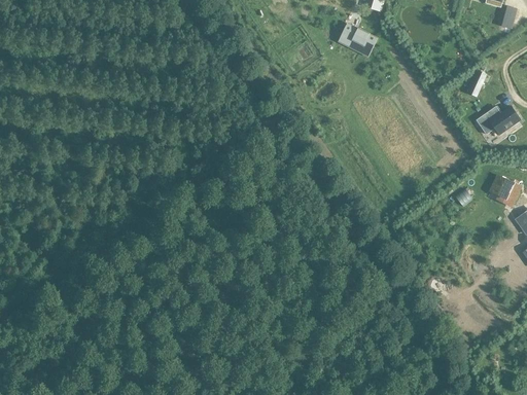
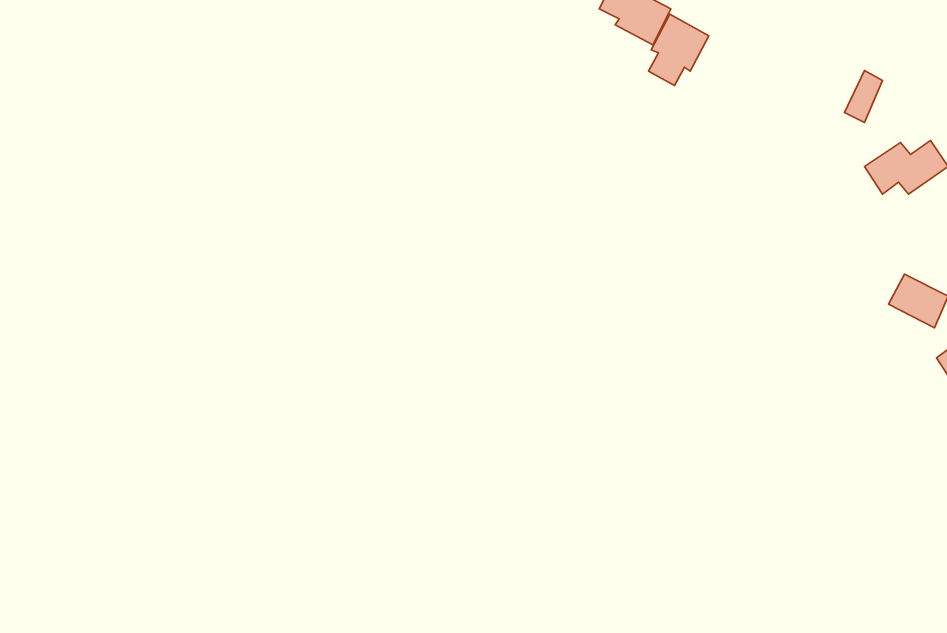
building: none -> [648,14,709,85]

